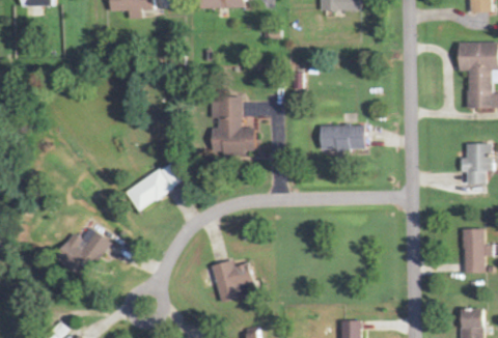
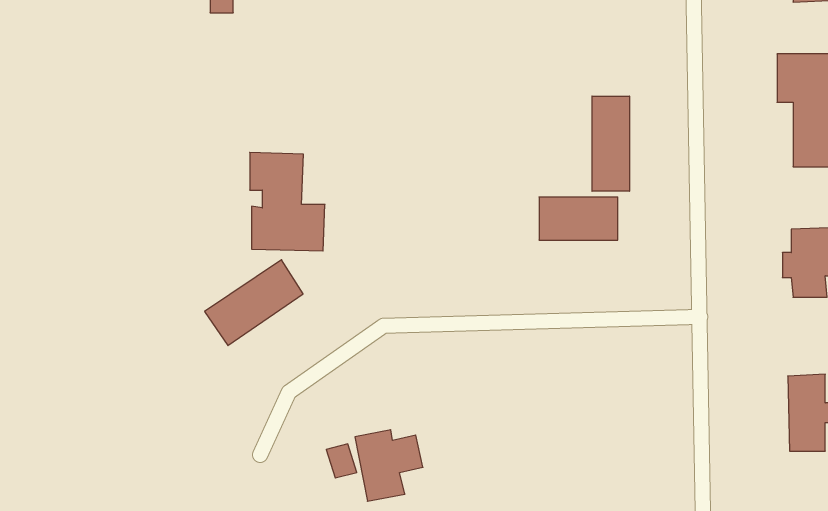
building: none -> [592,96,629,191]
building: [211,96,254,153] -> [250,152,325,251]
building: [54,227,112,274] -> none

